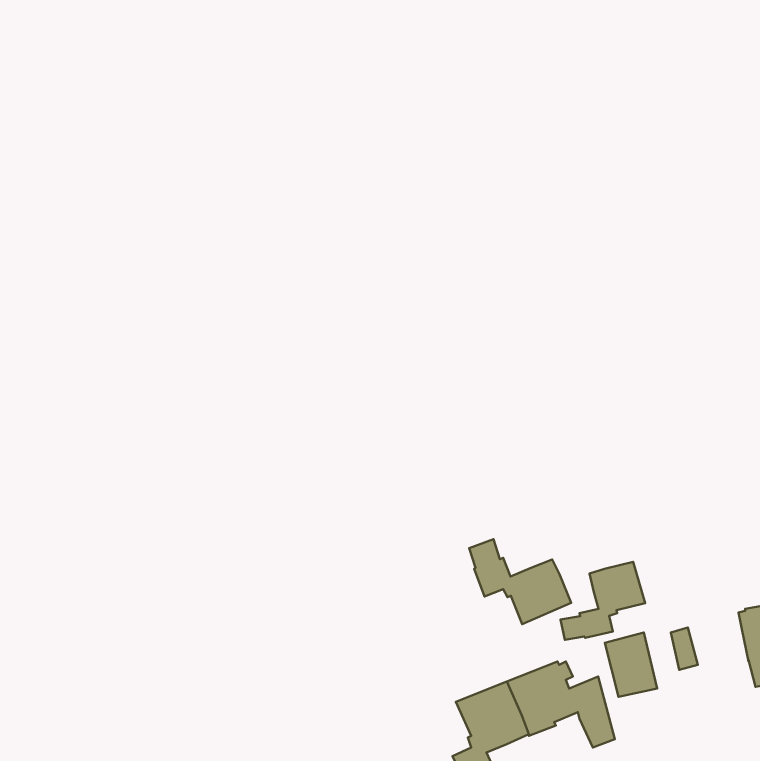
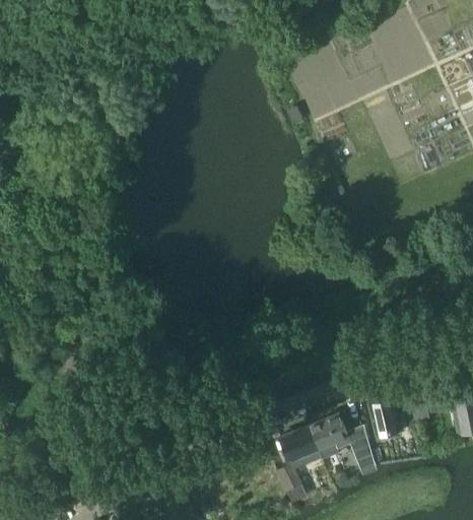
building: [469,539,571,624] -> none
building: [561,562,645,640] -> none

